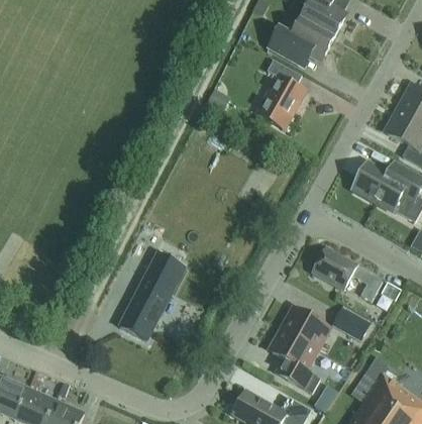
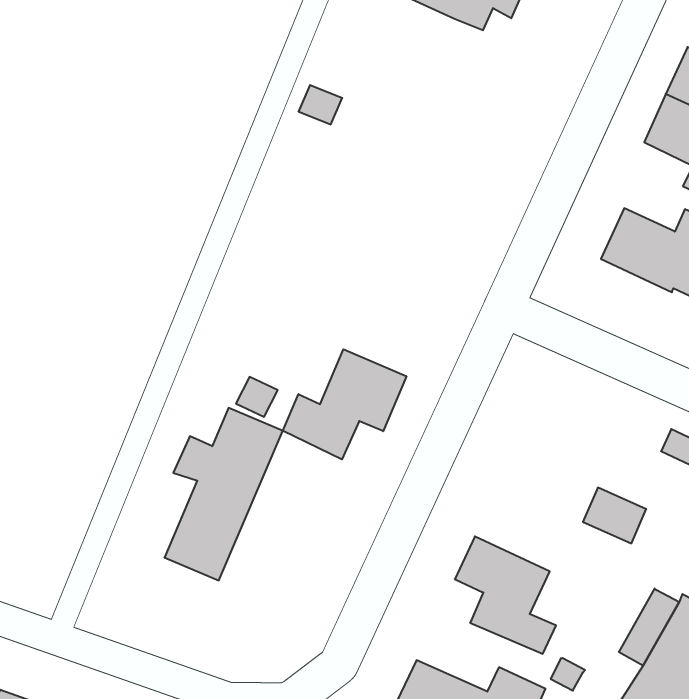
building: [257,60,305,127] -> none
building: none -> [283,349,406,459]
building: [312,247,384,300] -> none
building: [281,306,331,349] -> none

